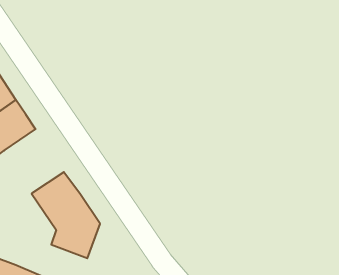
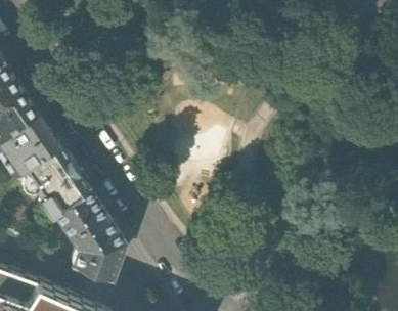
building: none -> [23,141,85,212]

